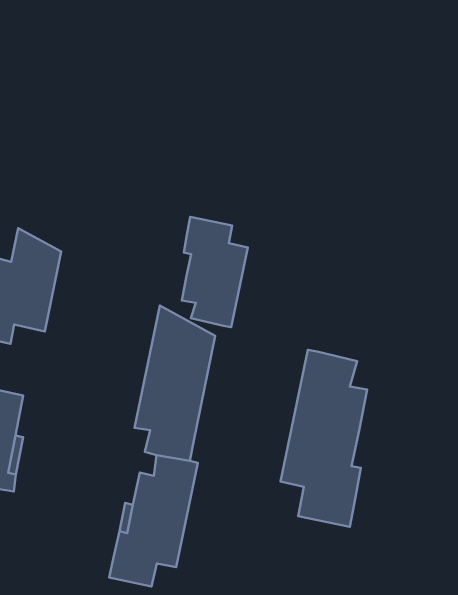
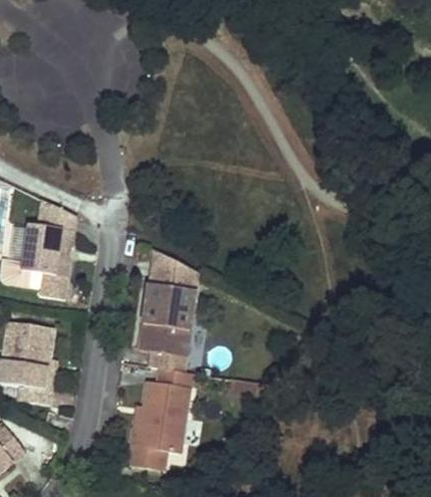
building: [182,217,248,327] -> none
building: [281,350,367,527] -> none

